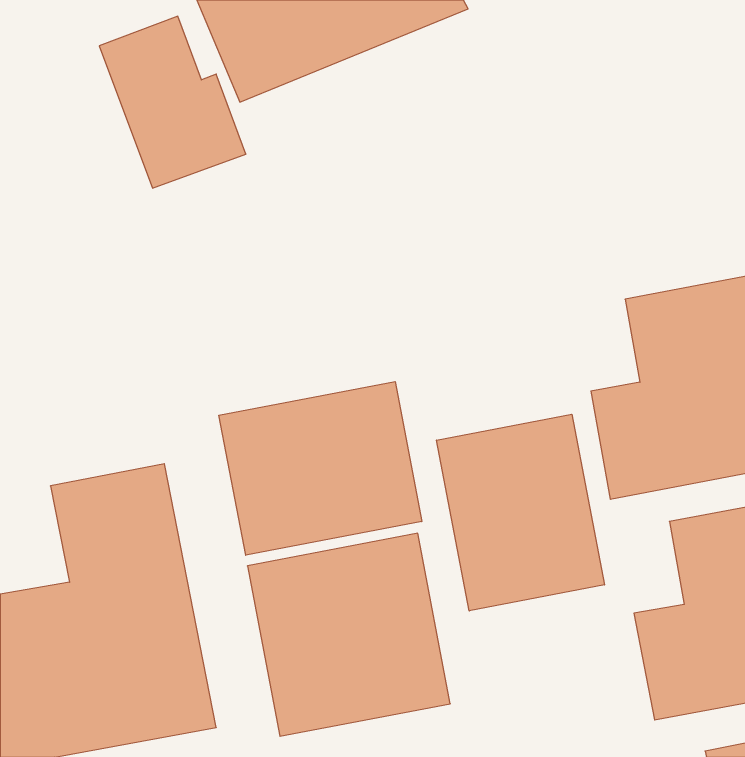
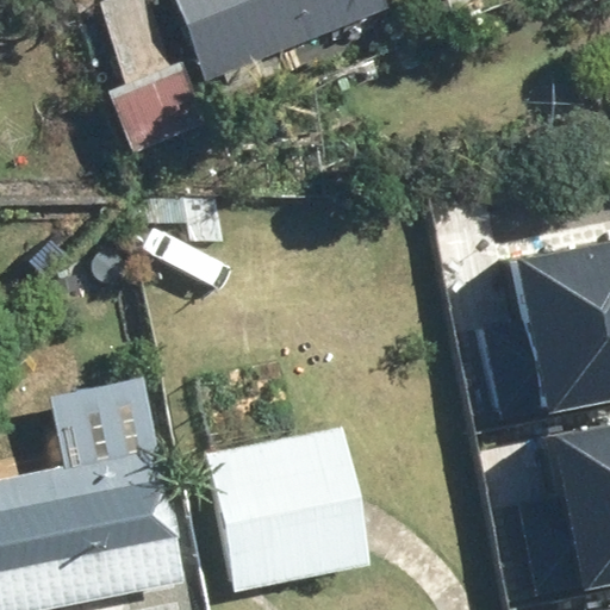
building: [219,382,422,555] -> none
building: [437,414,604,611] -> none

